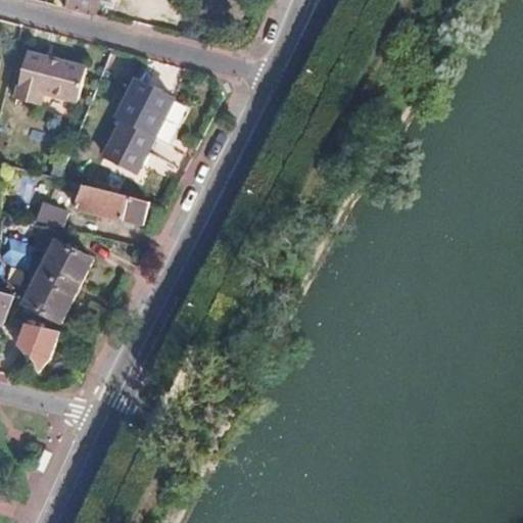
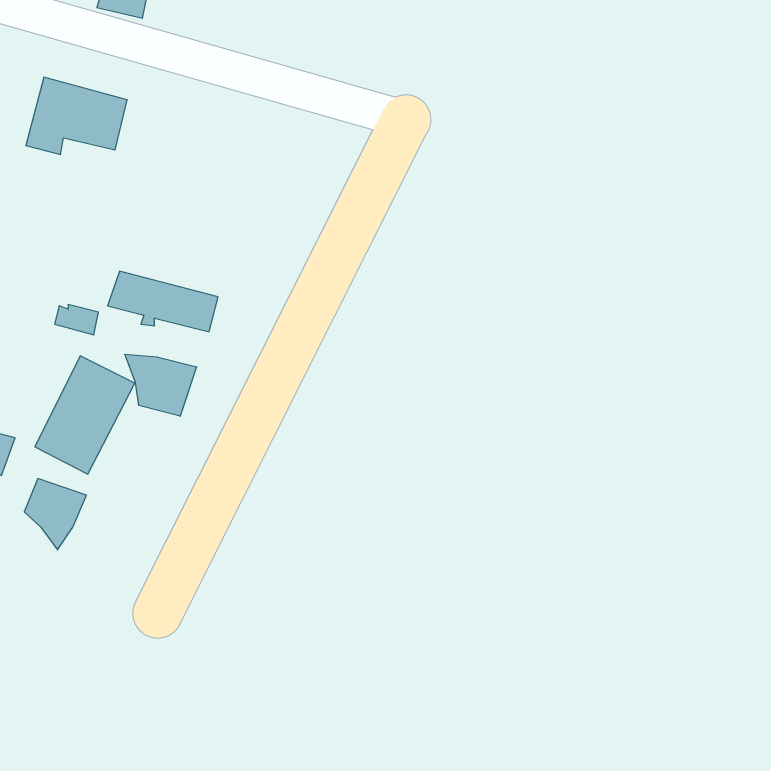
building: [101,79,172,171] -> none
building: none -> [125,354,197,416]

